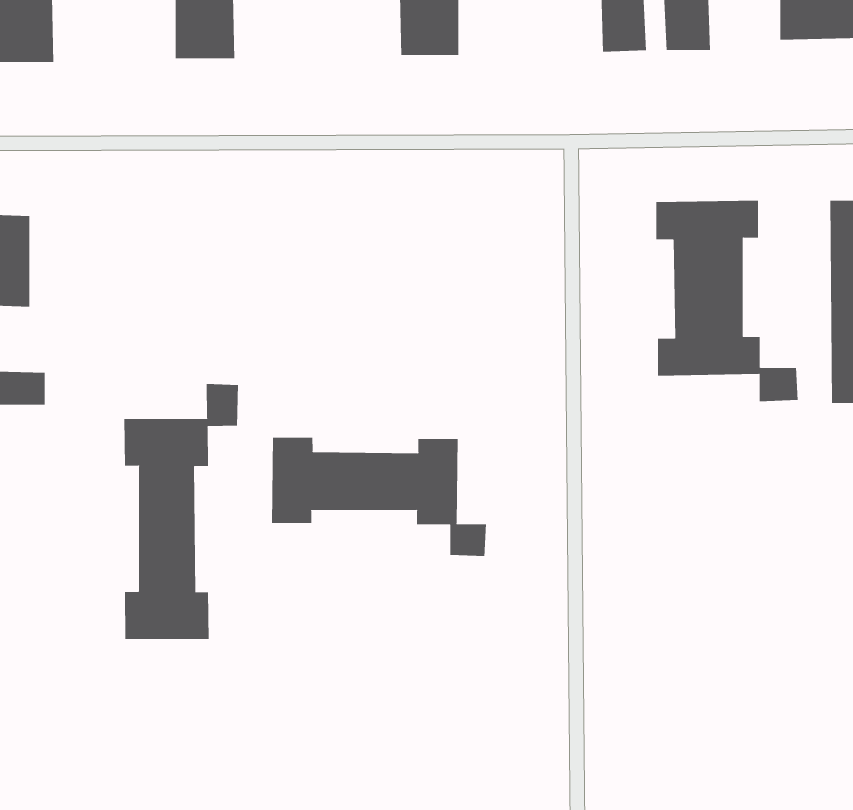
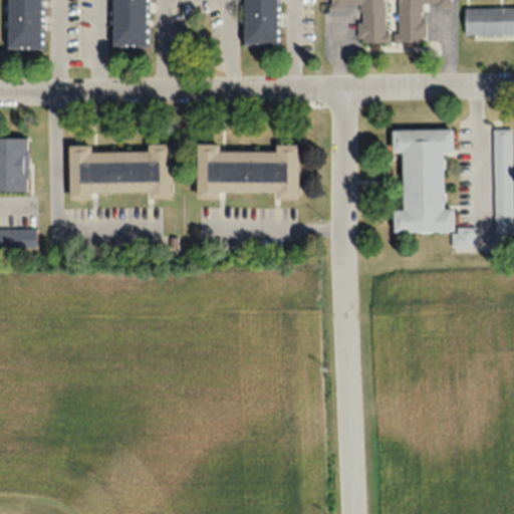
building: none -> [197,144,299,199]
building: none -> [69,145,172,198]
building: [124,383,239,640] -> none
building: [271,437,486,557] -> none

